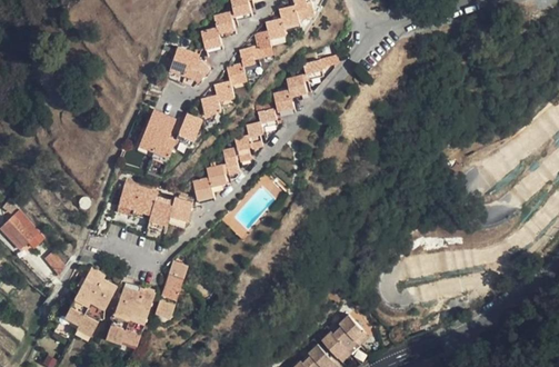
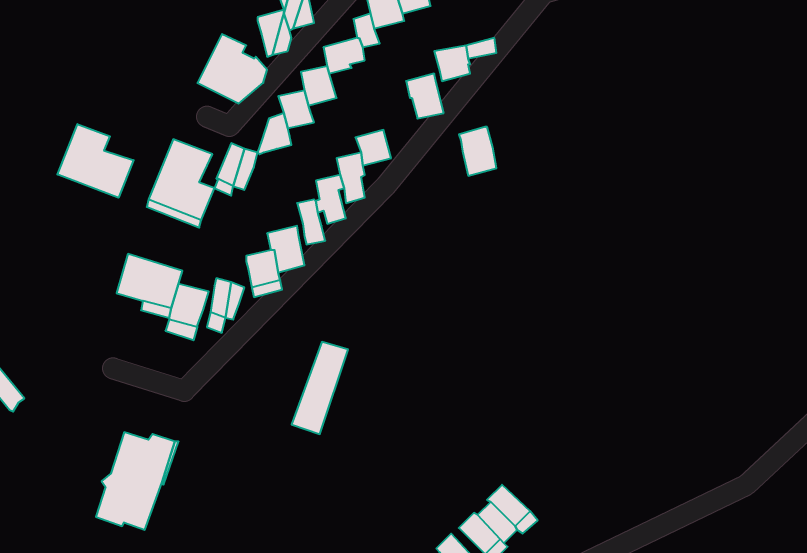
building: [276,87,298,116] -> [459,127,496,176]
building: none -> [57,124,134,198]
building: [153,260,187,315] -> [292,342,348,434]
building: [64,265,116,333] -> none

